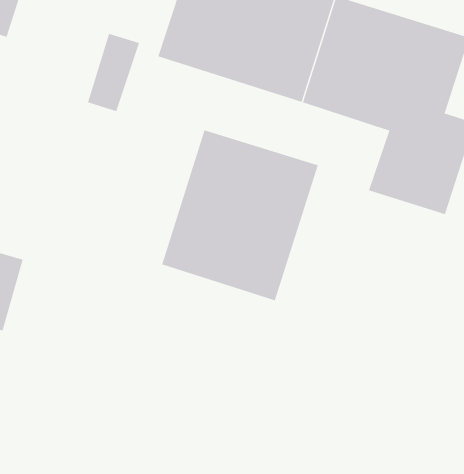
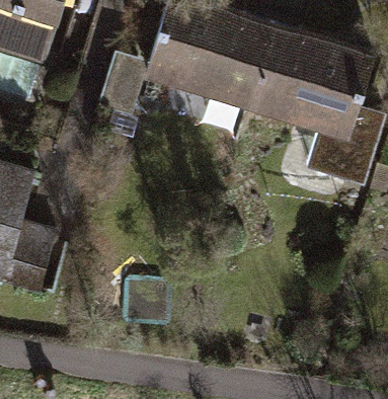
building: [162,130,318,301] -> none

